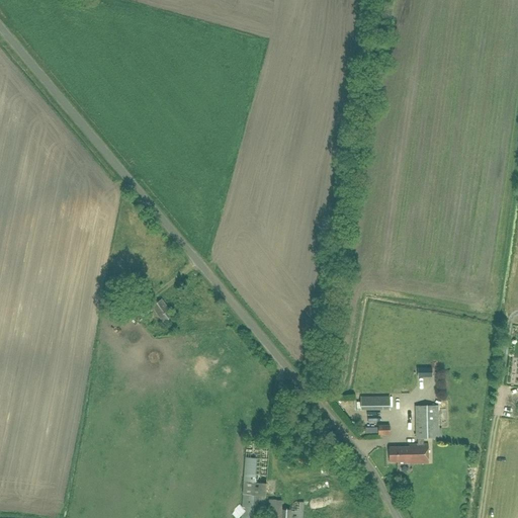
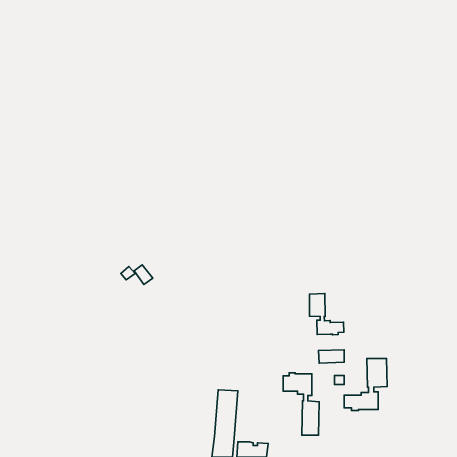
building: none -> [310,294,344,335]
building: none -> [283,373,319,435]

